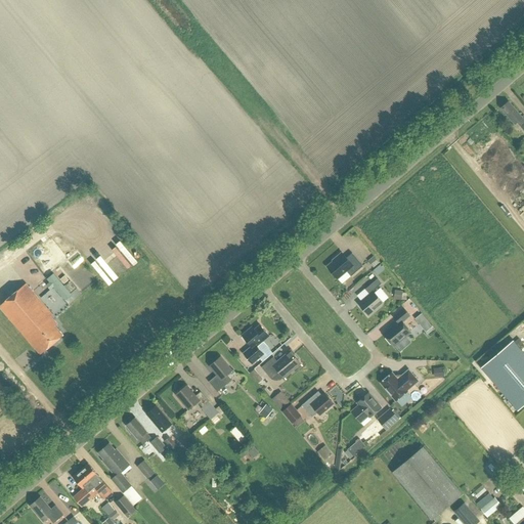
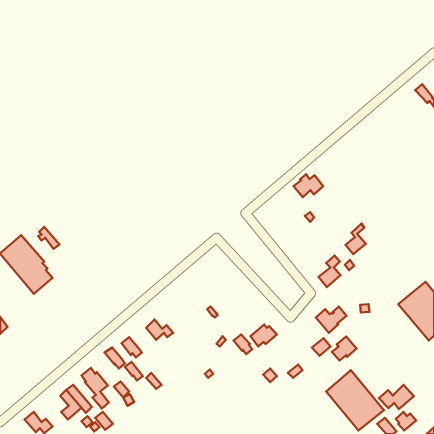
building: [326,252,362,279] -> [293,174,323,197]
building: [358,278,383,315] -> [345,224,366,254]
building: [242,325,268,363] -> none
building: [261,352,300,380] -> none
building: [209,356,232,392] -> none
building: [351,393,381,422] -> [332,337,356,360]
building: none -> [379,385,414,409]

